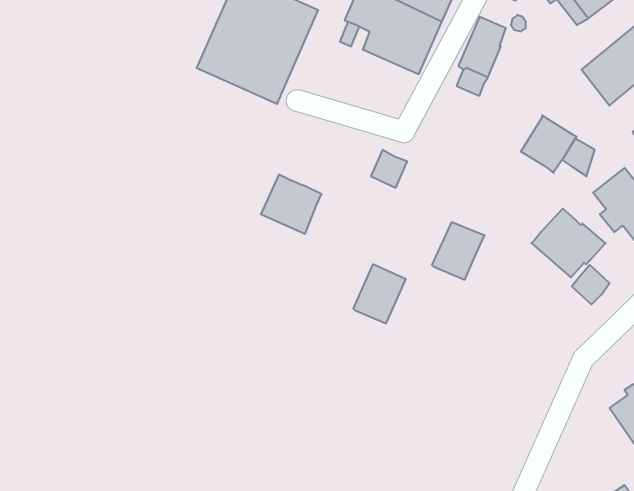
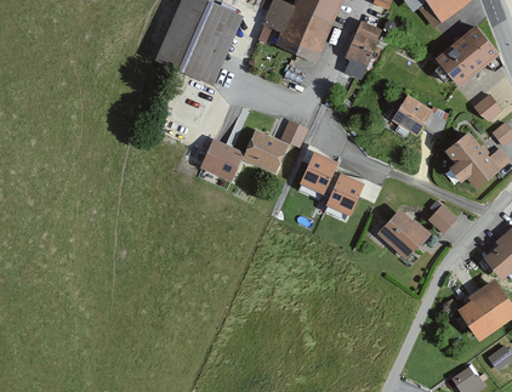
building: none -> [240,130,288,171]
building: [531,209,606,278] -> [376,208,431,259]
building: [353,264,406,323] -> [298,149,337,193]

